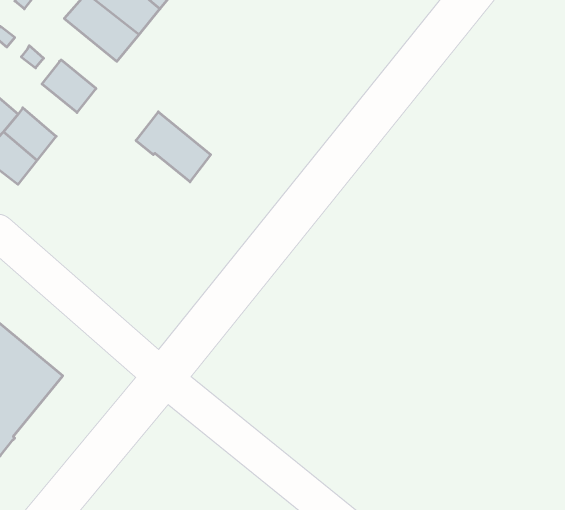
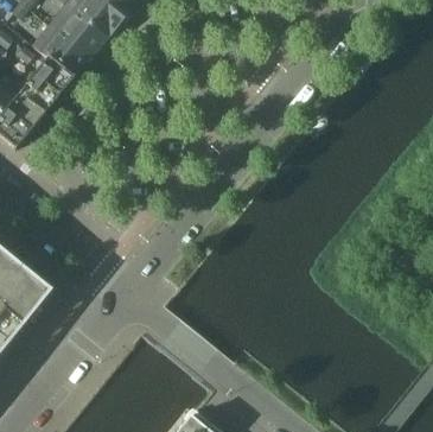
building: none -> [19,75,59,114]
building: [136,112,211,182] -> [33,26,89,78]

